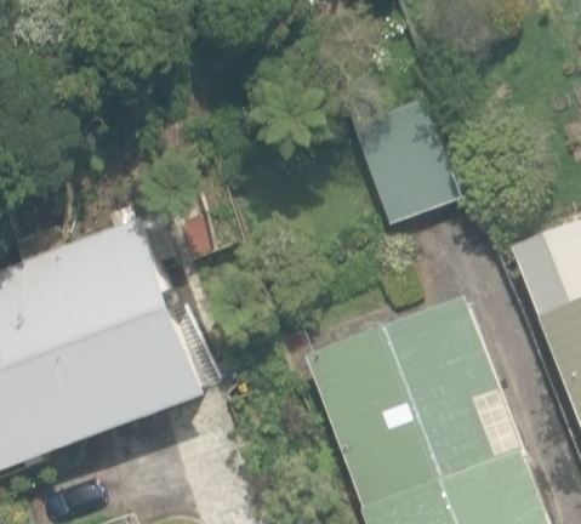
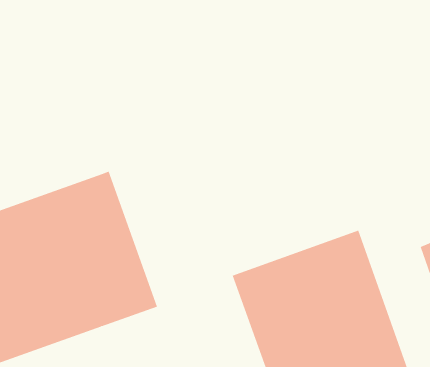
building: [336,75,454,213] -> none

